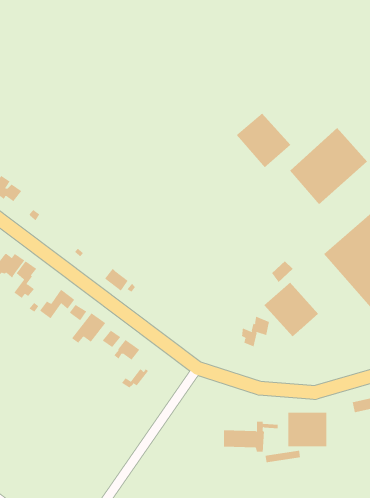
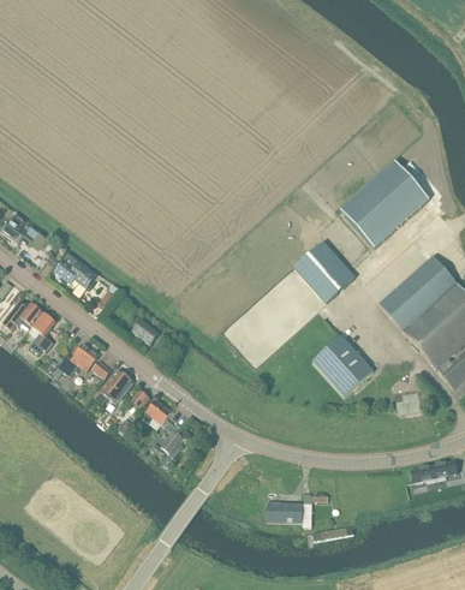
building: [236,113,291,168] -> [293,240,356,303]
building: none -> [54,254,95,287]
building: [241,316,269,347] -> none
building: [288,412,327,447] -> none

